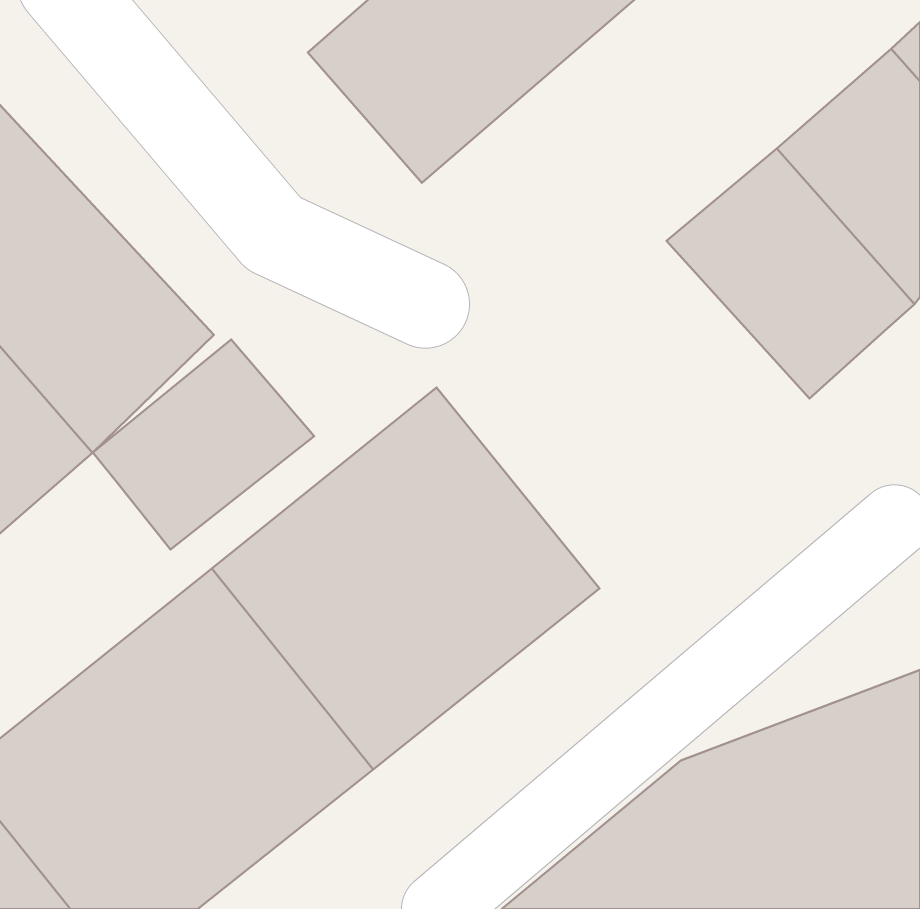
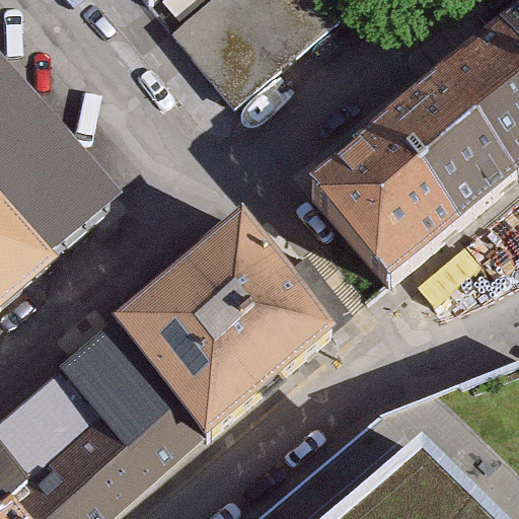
building: none -> [306,135,453,283]
building: [93,340,314,550] -> none

